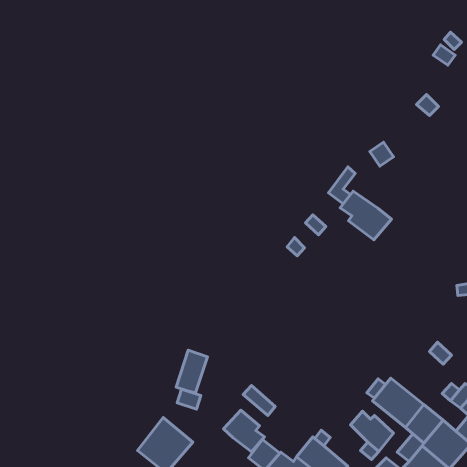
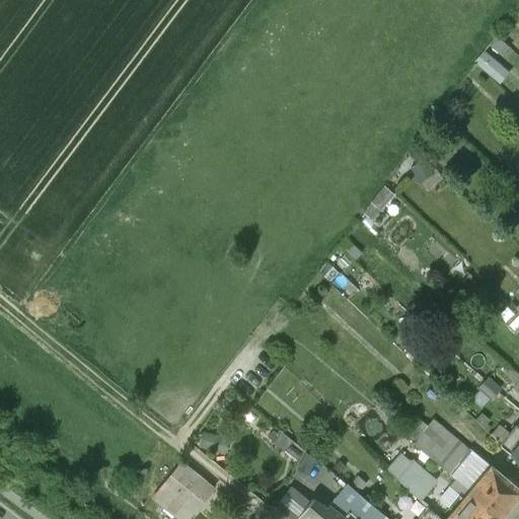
building: [340,191,391,240] -> none
building: [176,350,208,393] -> none
building: [223,410,265,452] -> none

